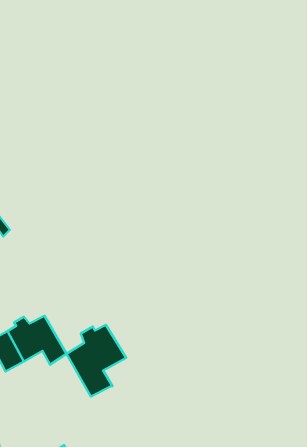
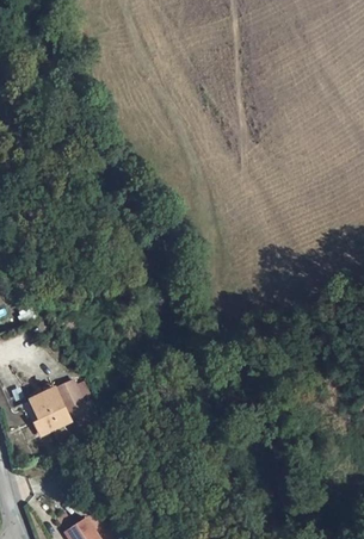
building: [66,325,126,397] -> none

